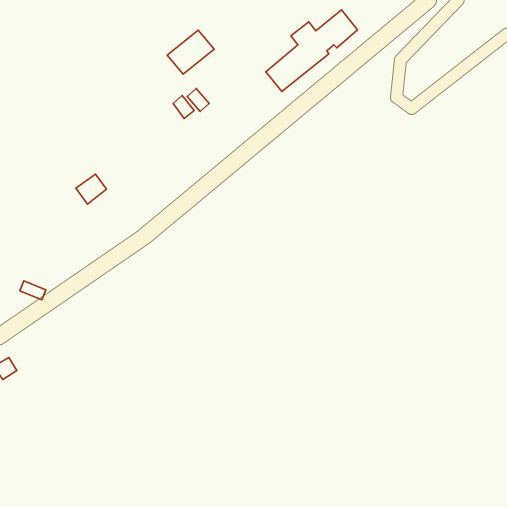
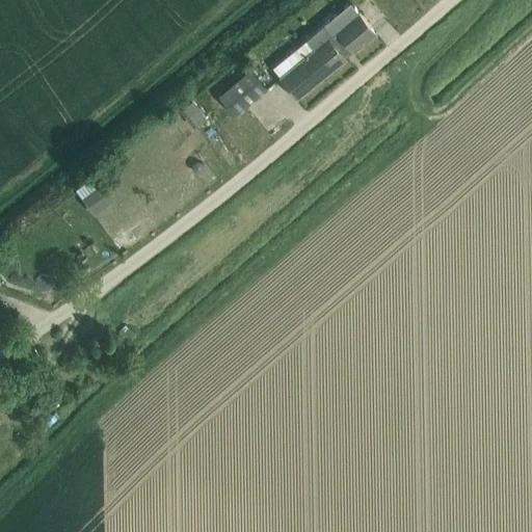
building: [167,30,214,74] -> [216,71,265,116]

